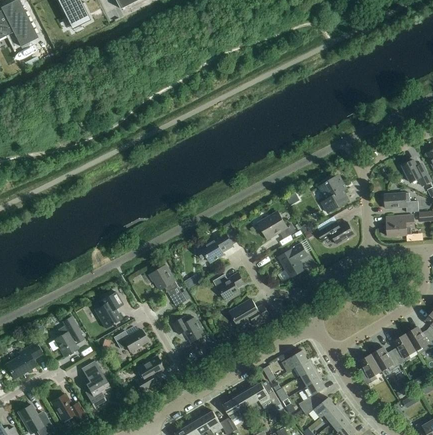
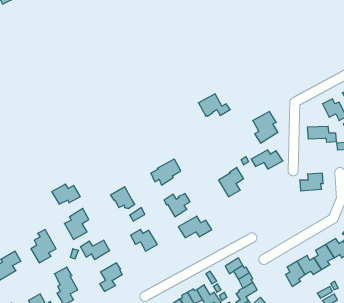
building: [258,212,296,239] -> [198,94,230,116]
building: [386,215,414,236] -> [300,173,323,191]
building: none -> [52,184,80,204]

